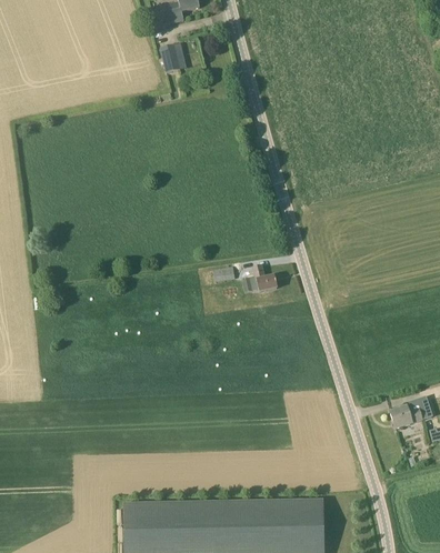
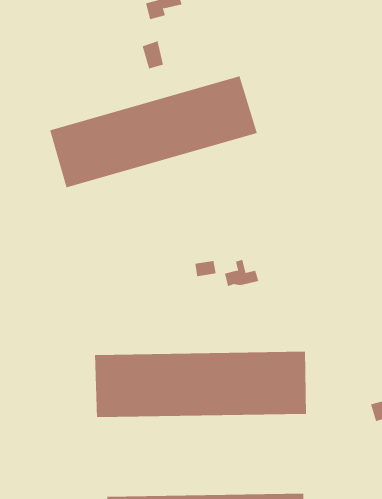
building: none -> [50,75,257,188]
building: none -> [94,351,306,418]

